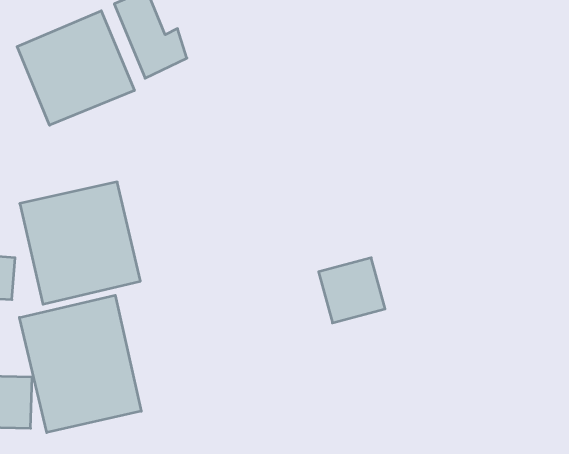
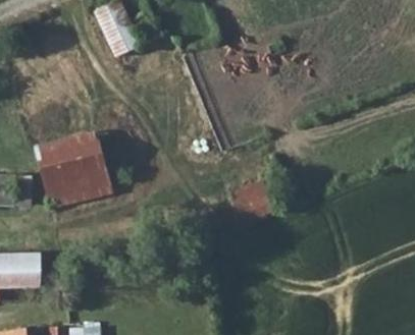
building: [17,11,134,125] -> none
building: [19,295,141,433] -> none

